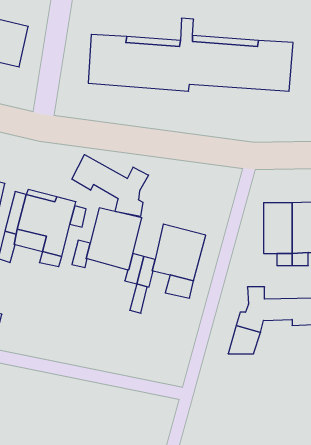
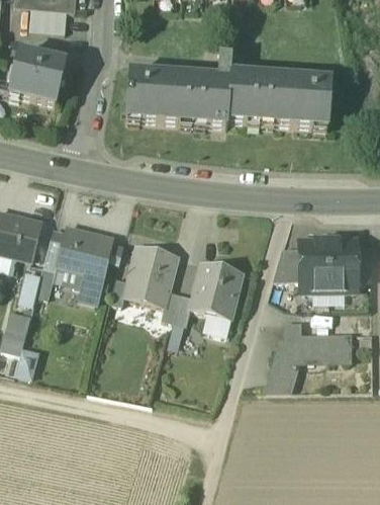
building: [72,155,149,216] -> none
building: none -> [273,246,300,278]

